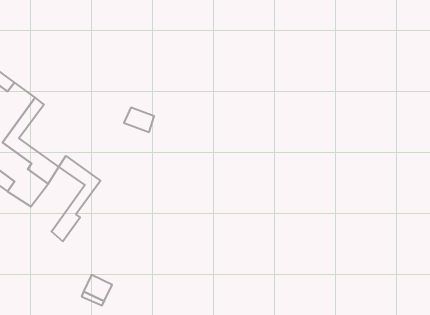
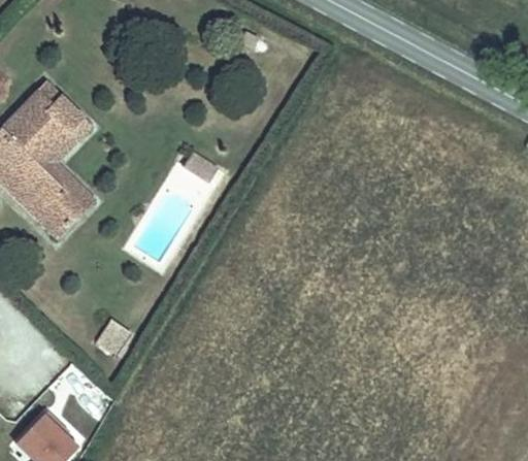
building: [51,156,100,241] -> none

